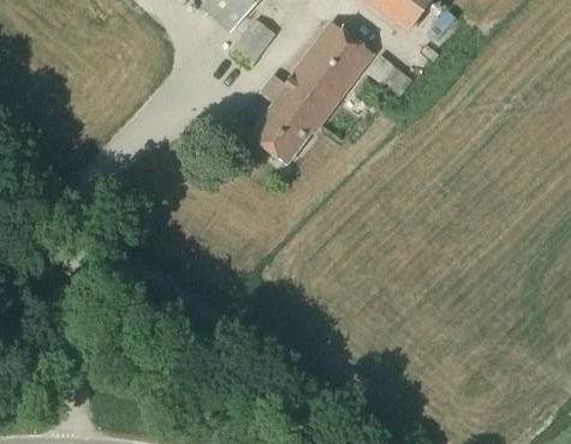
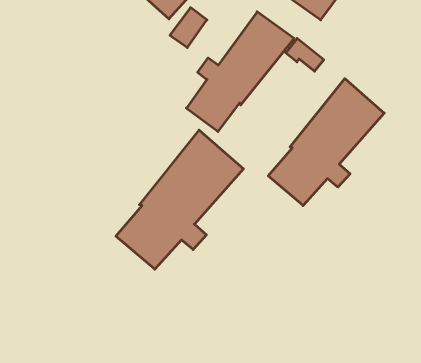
building: none -> [268,79,384,206]
building: none -> [116,130,243,269]

